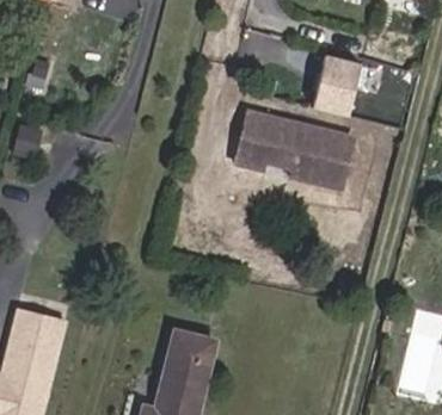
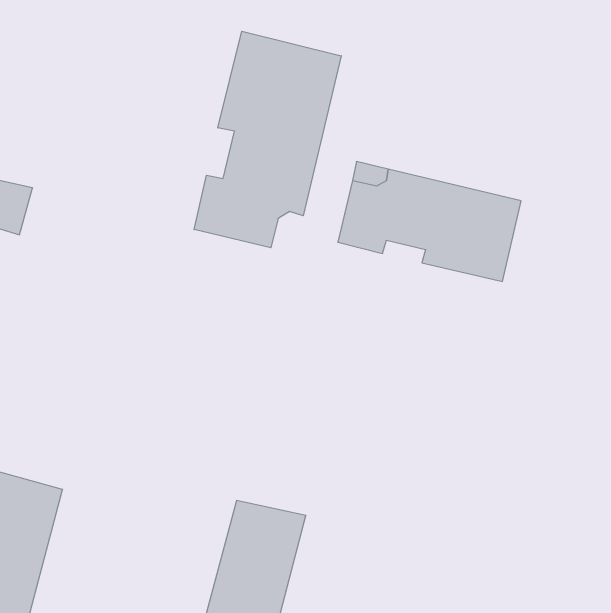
building: none -> [194,31,341,248]
building: [317,57,361,114] -> none

